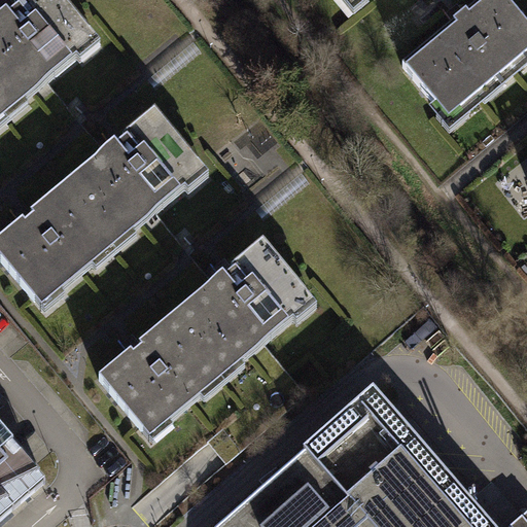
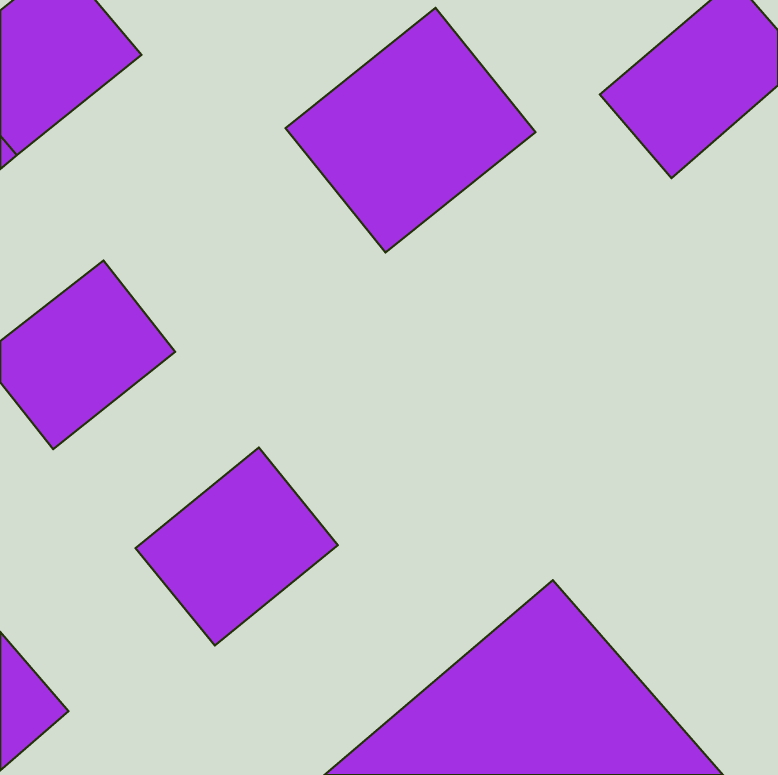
building: none -> [285,8,535,252]
building: [70,109,202,238] -> none
building: [175,235,313,368] -> none

